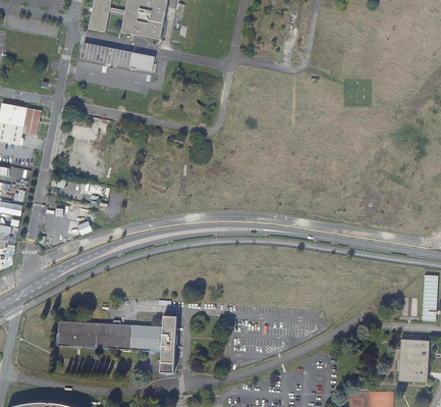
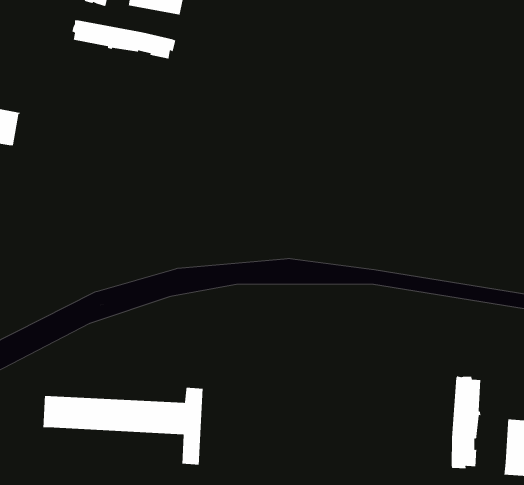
building: none -> [451,375,481,469]

